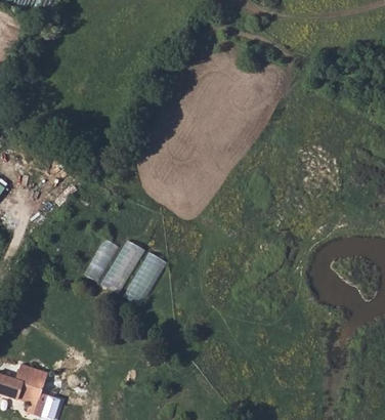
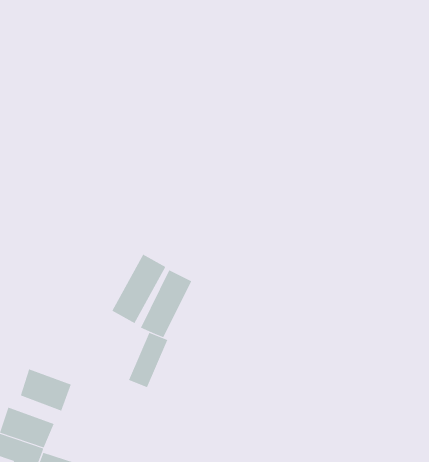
building: [86,239,118,283] -> [128,332,168,388]
building: none -> [20,369,72,411]

